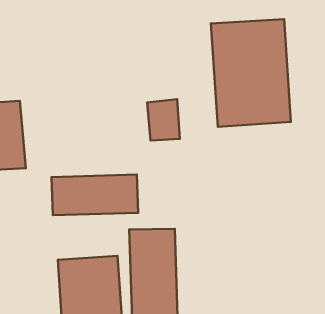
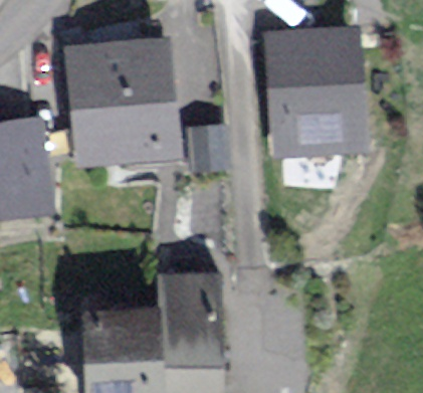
building: none -> [65,40,170,160]
building: [51,175,138,215] -> none

